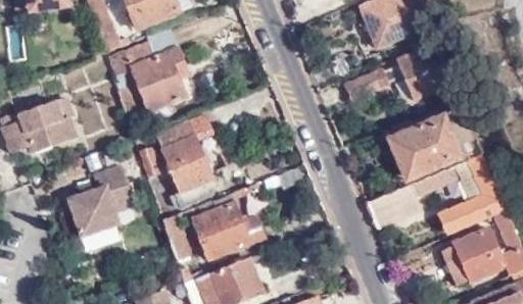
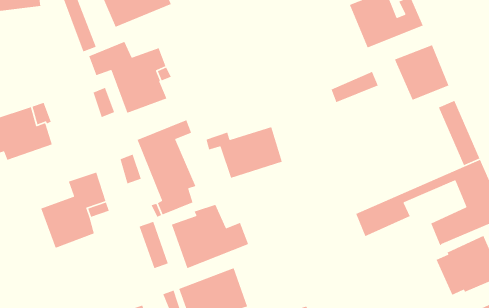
building: [385,109,461,179] -> none
building: none -> [206,126,283,179]

